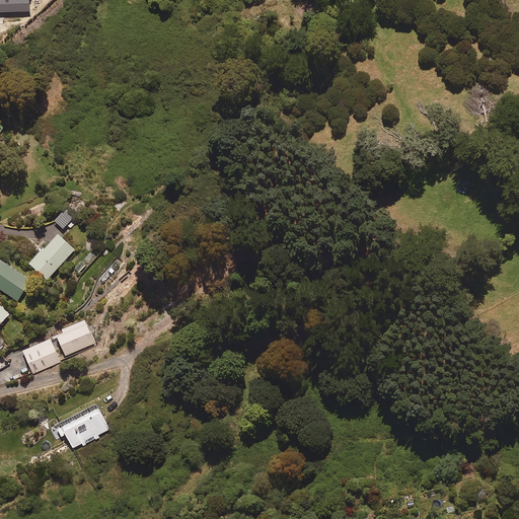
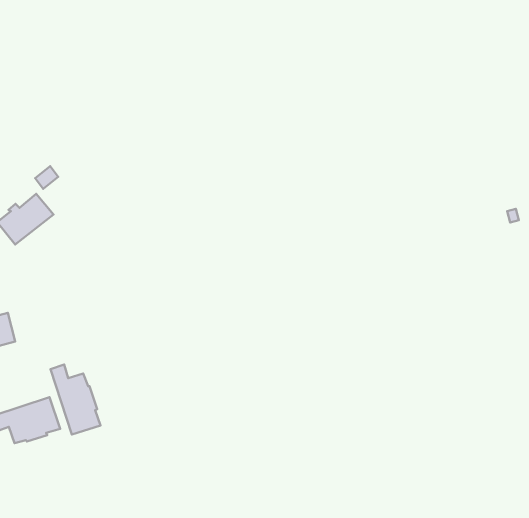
building: [56,320,94,356] -> none
building: none -> [51,365,101,435]

